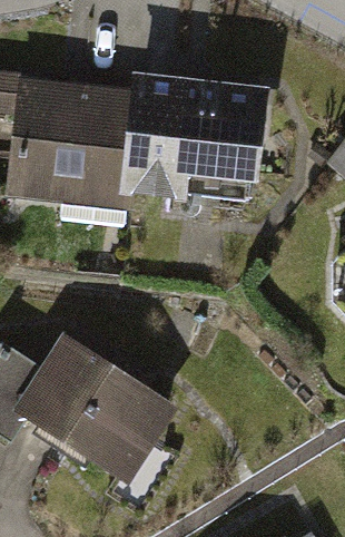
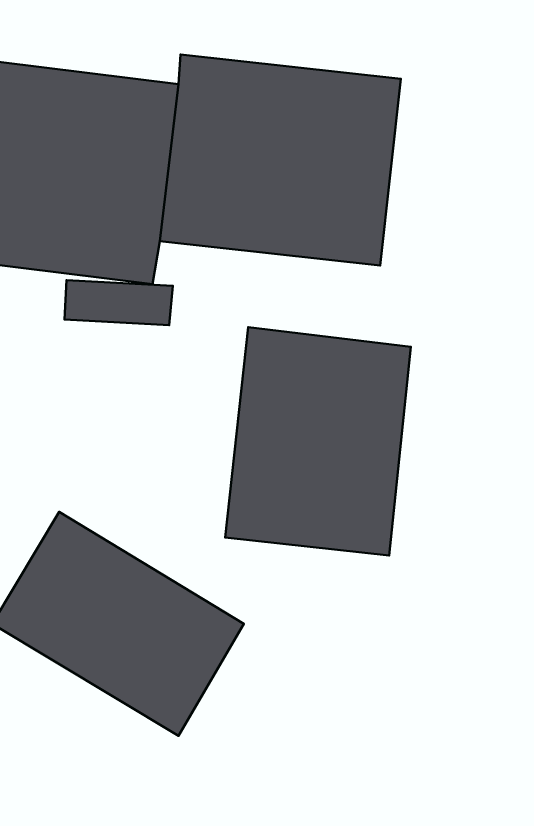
building: none -> [225,327,411,555]

